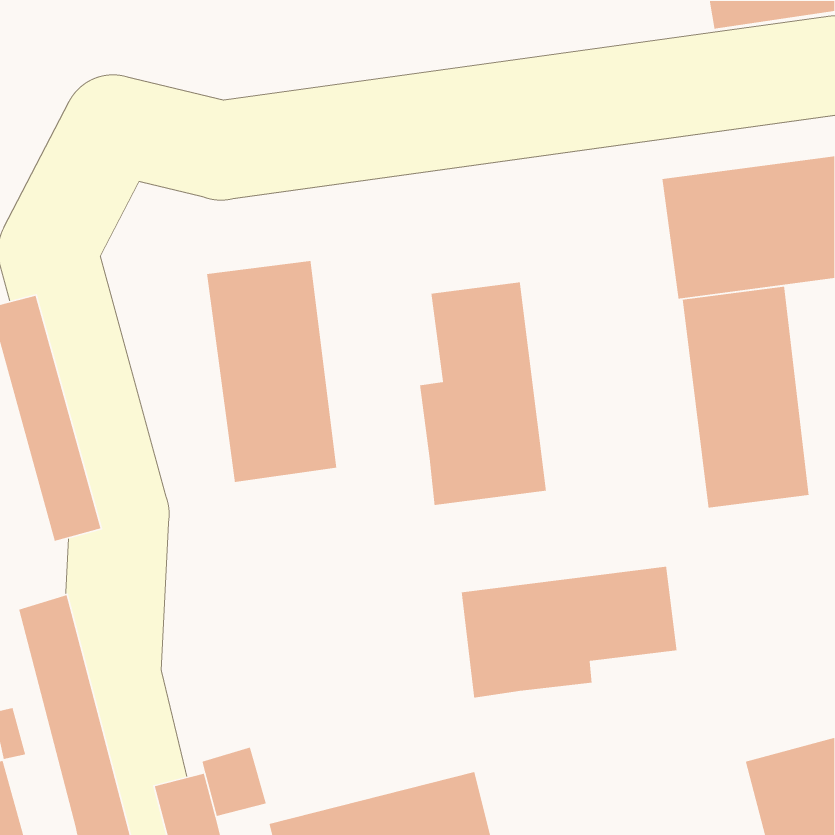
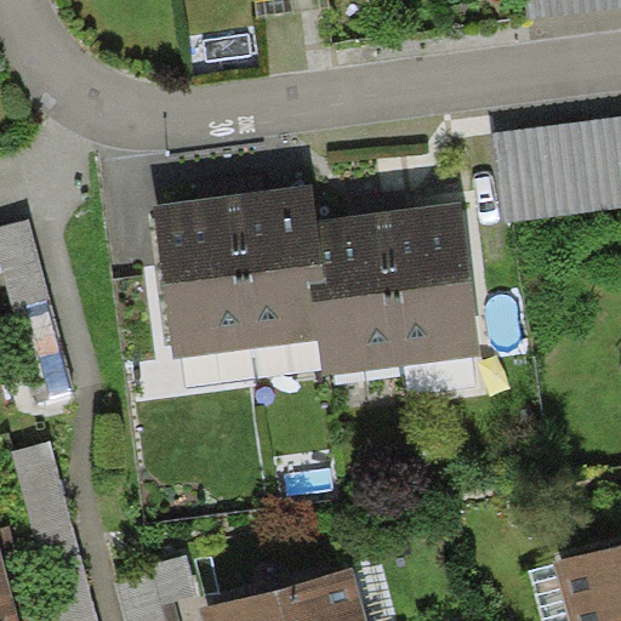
building: none -> [230,184,327,348]
building: [682,286,809,509] -> [386,200,480,365]
building: [461,566,677,698] -> none

